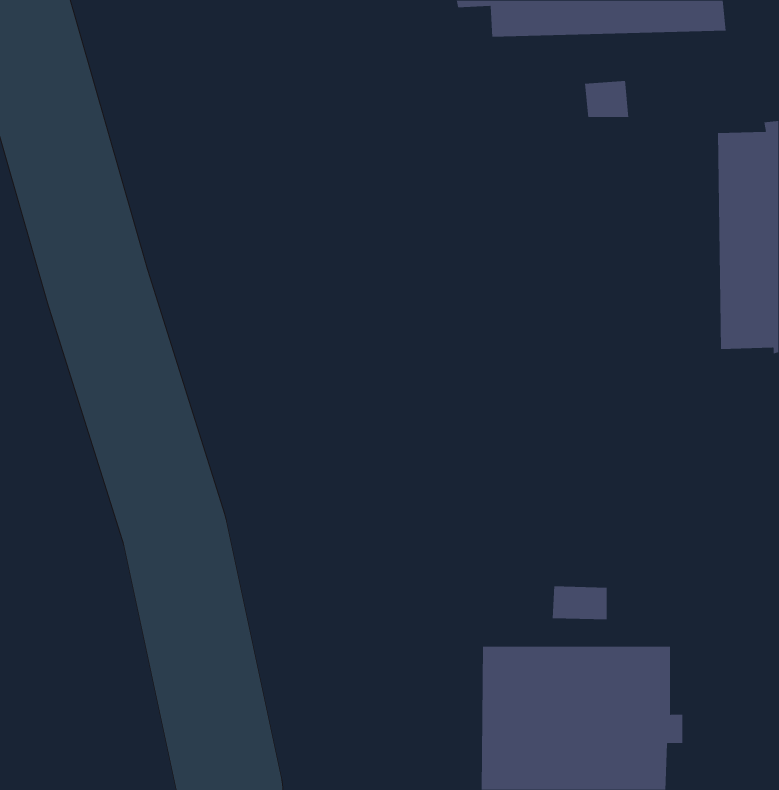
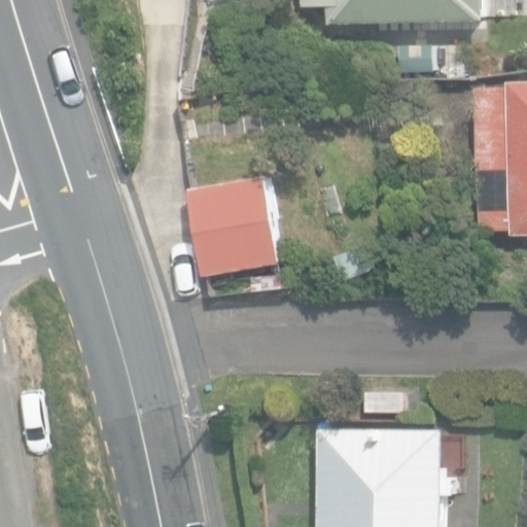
building: none -> [184,174,278,275]

